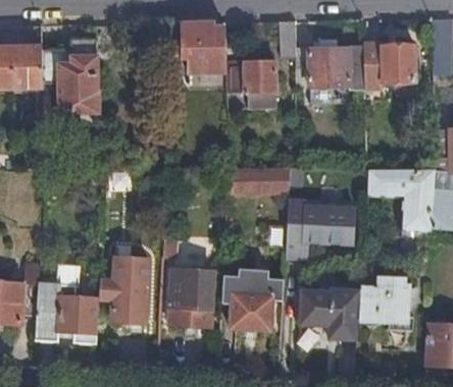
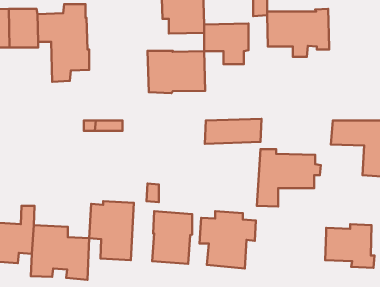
building: [363,44,415,90] -> none
building: none -> [148,51,205,93]
building: [300,288,361,339] -> none

